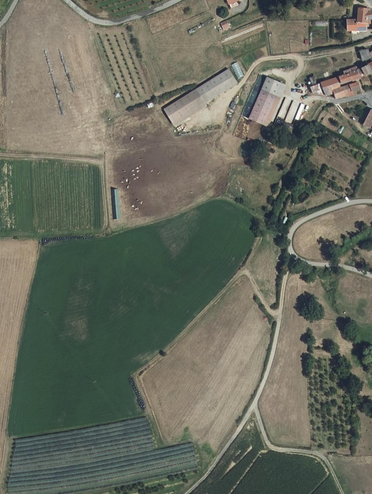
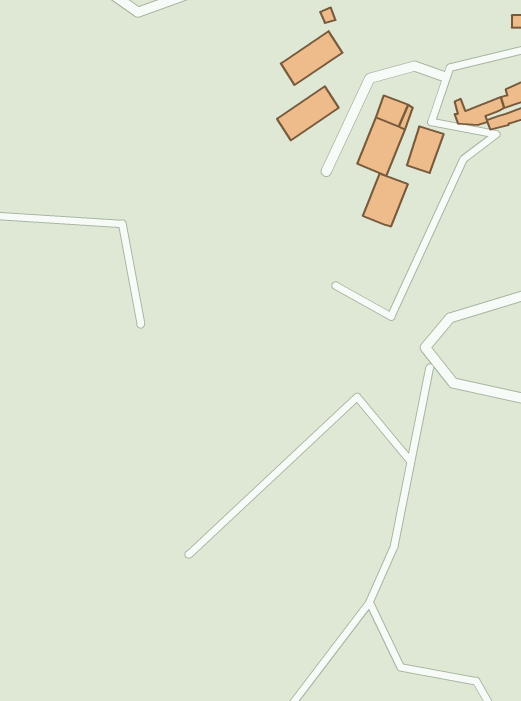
building: [166,89,206,124] -> [281,31,343,85]
building: none -> [363,173,408,227]

